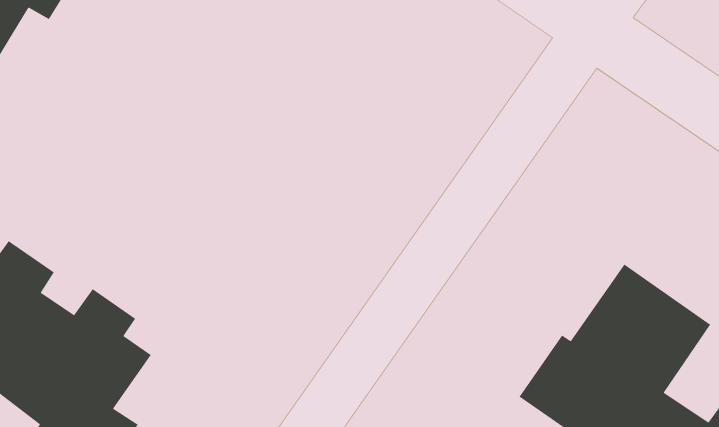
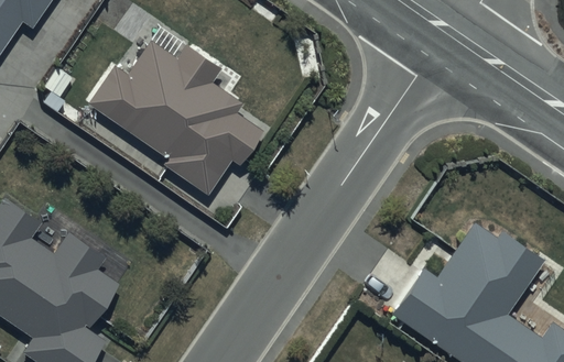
building: none -> [88,40,263,196]

